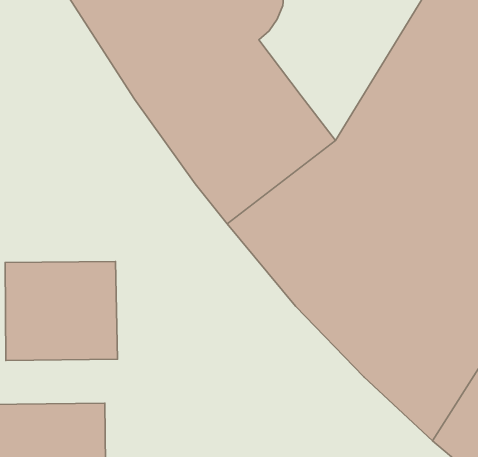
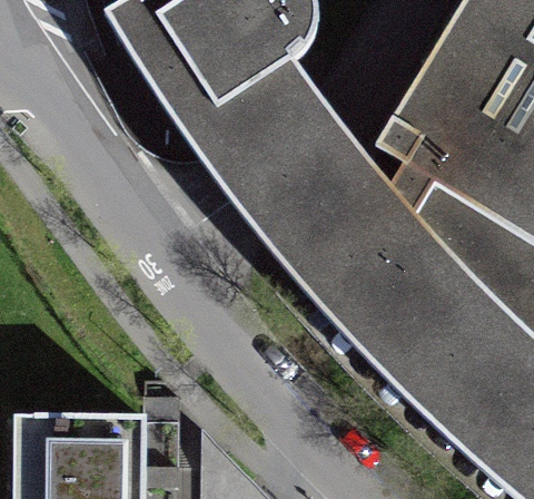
building: [5,262,118,360] -> none

